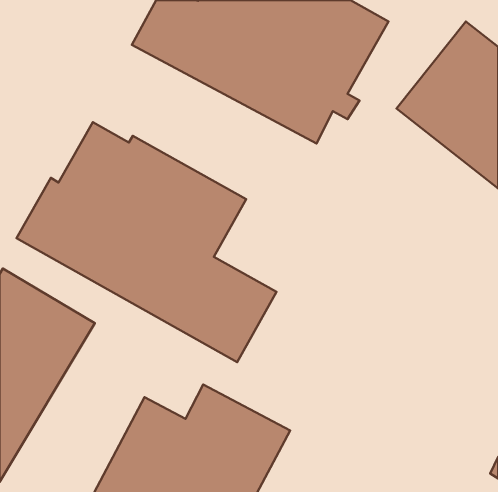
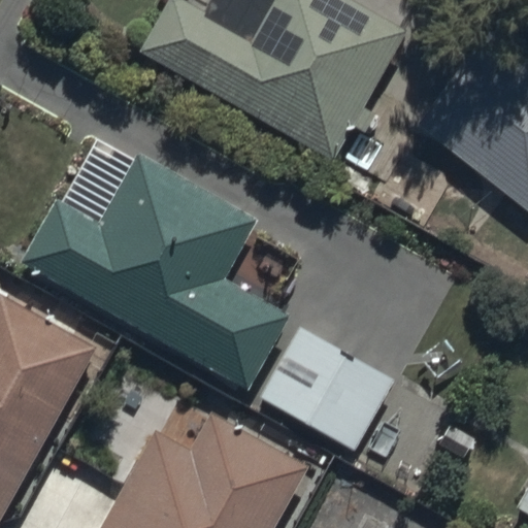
building: none -> [256,327,395,458]

